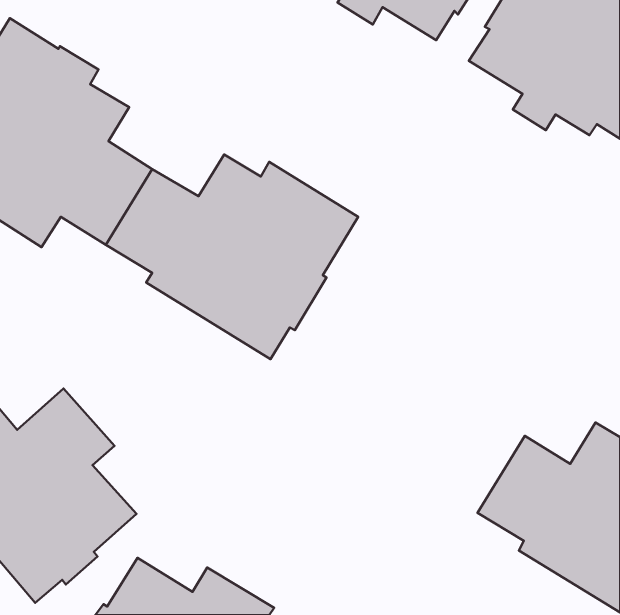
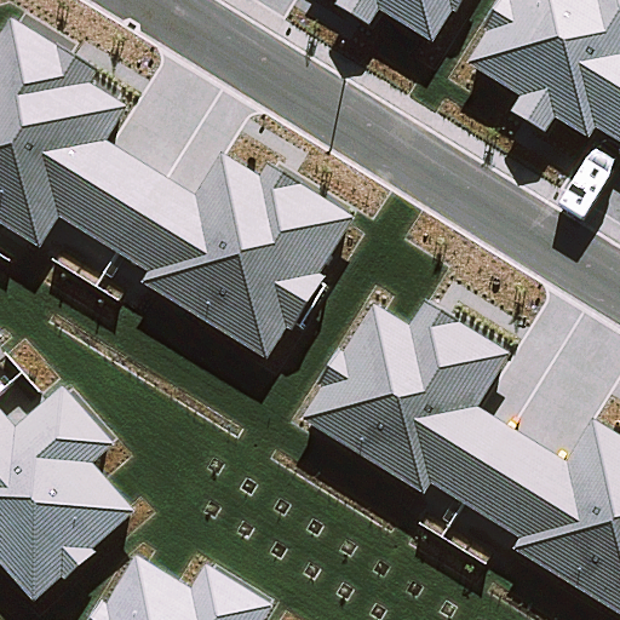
building: none -> [304,298,522,510]

